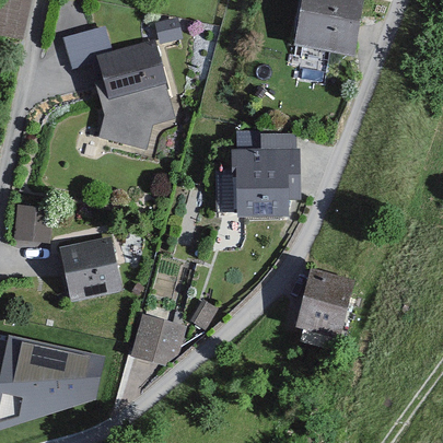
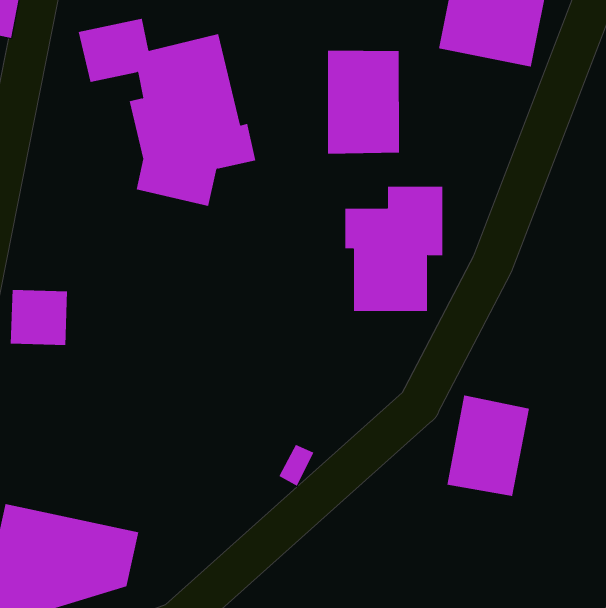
building: none -> [327,50,399,154]
building: [56,235,119,303] -> none
building: [131,314,184,363] -> none

